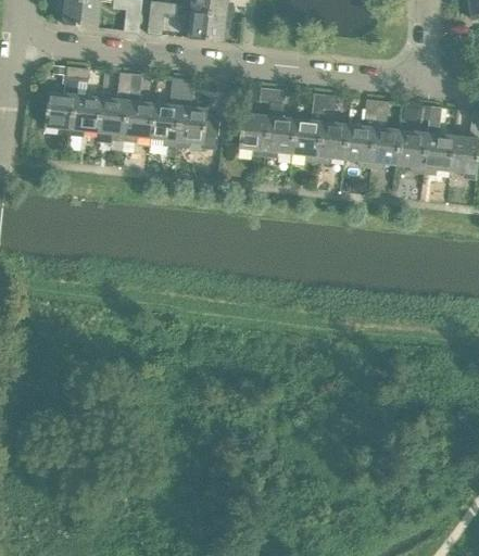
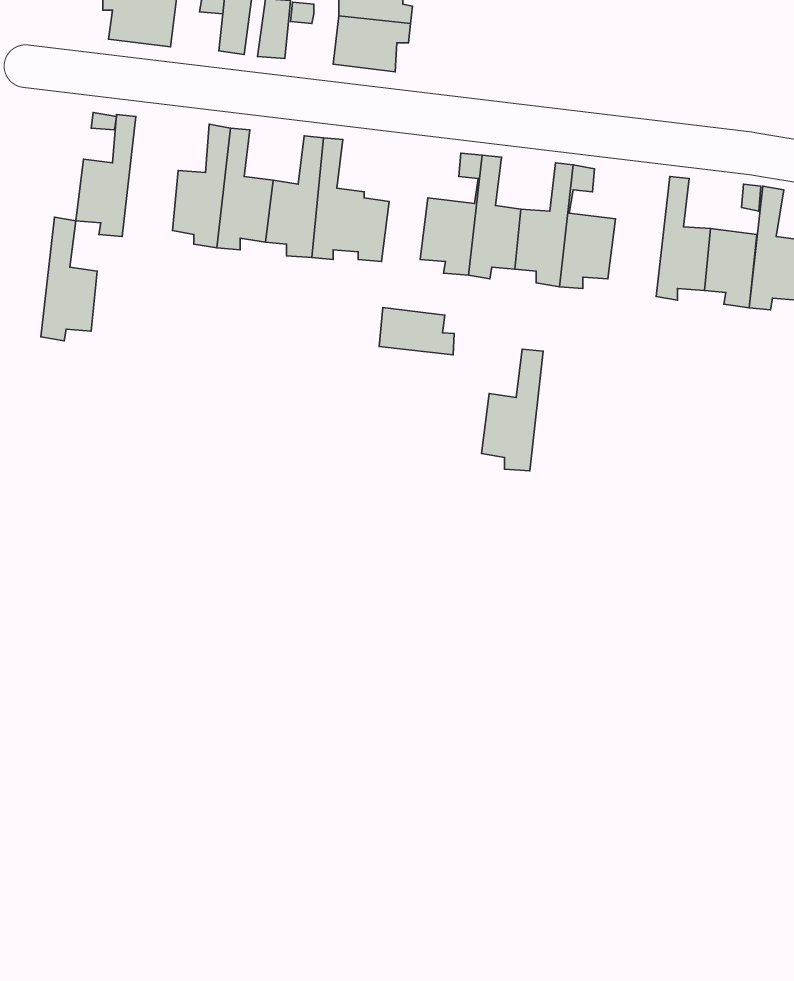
building: [70,66,101,136] -> [41,217,97,341]
building: [342,99,377,167] -> [481,349,543,471]
building: none -> [379,308,454,355]

